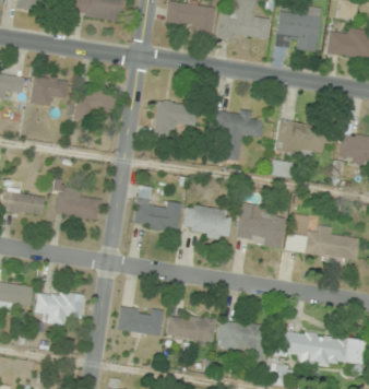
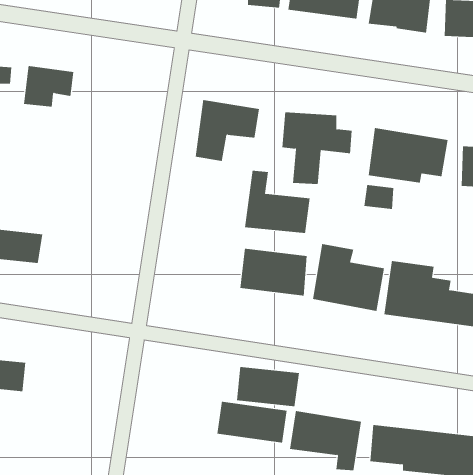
building: [74,90,117,120] -> none
building: [55,182,100,219] -> none
building: [133,186,180,231] -> [244,170,311,234]
building: [36,288,85,327] -> none
building: [118,306,163,334] -> [236,367,300,407]

